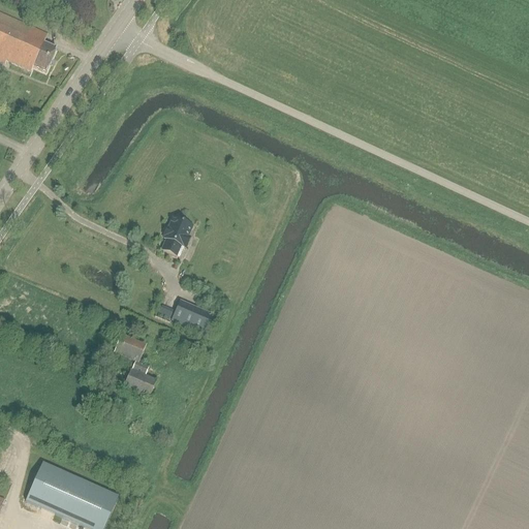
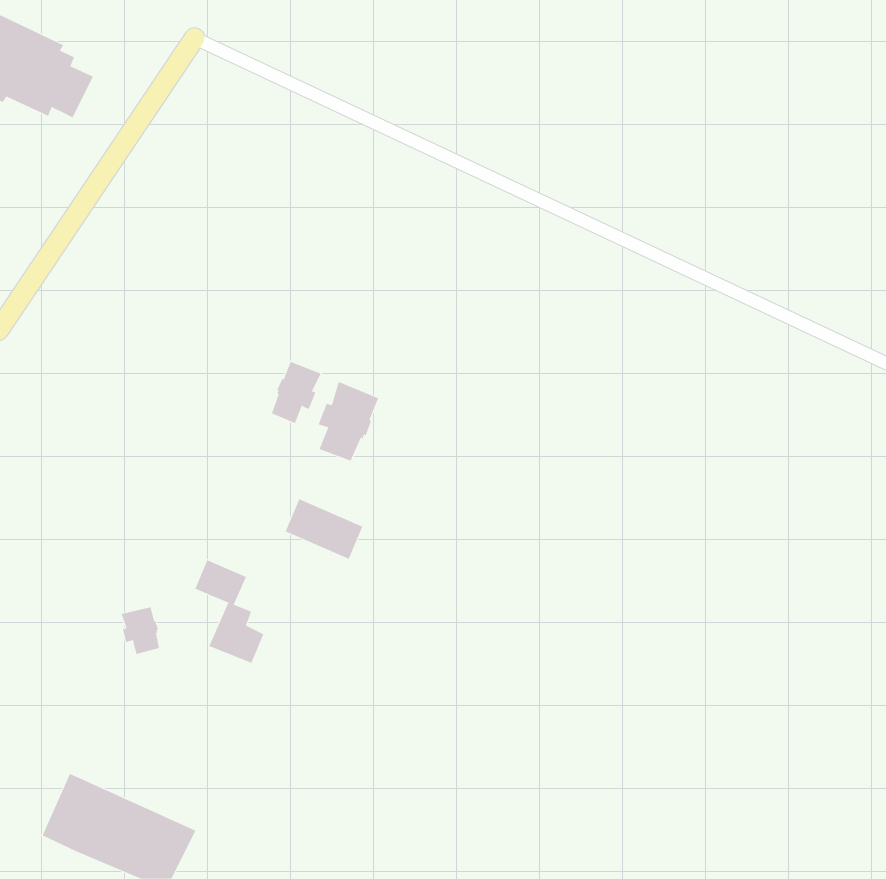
building: none -> [318,381,379,461]
building: none -> [121,607,160,655]

